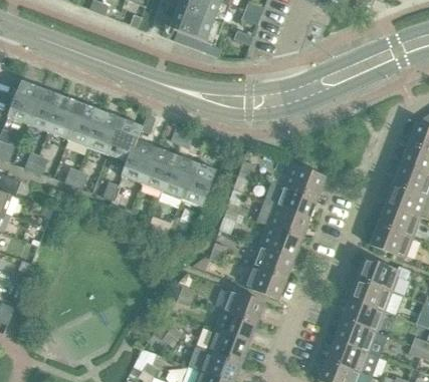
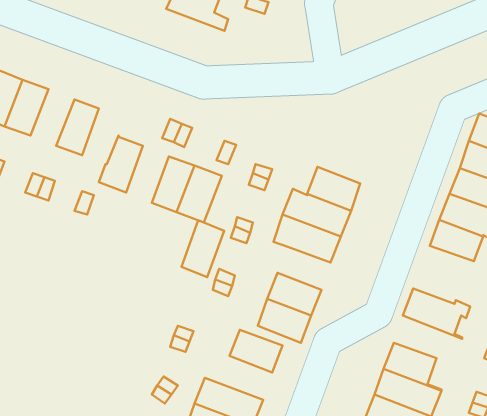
building: [67,102,101,146] -> none
building: [108,114,155,160] -> none
building: [142,146,175,190] -> [181,220,224,277]
building: [370,224,412,258] -> none
building: [259,225,300,258] -> none
building: [350,278,403,316] -> none
building: [203,309,255,343] -> none

